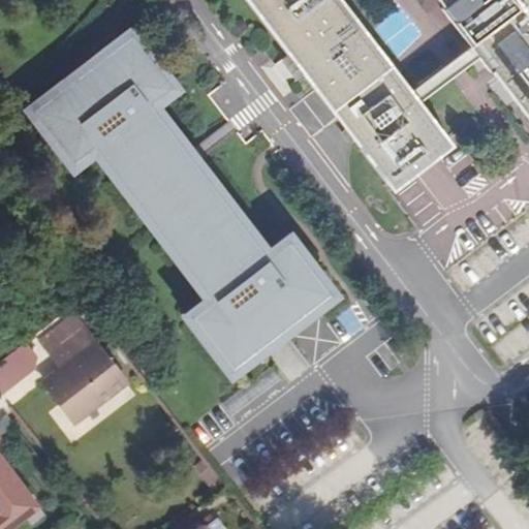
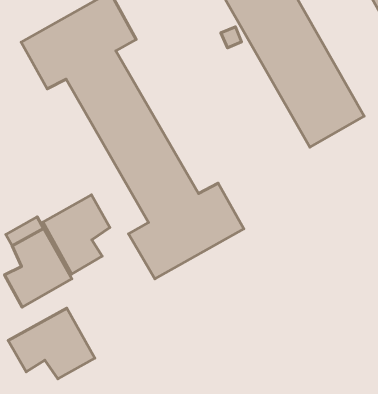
building: none -> [43,195,110,274]
building: none -> [8,308,95,379]

